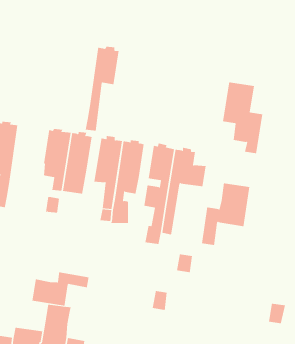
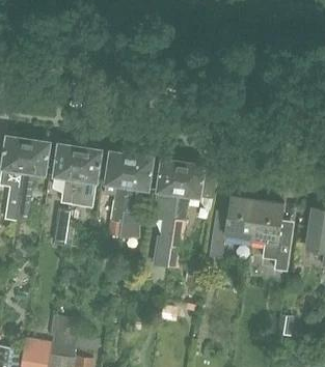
building: [85,46,119,131] -> [16,138,50,222]
building: [222,82,263,154] -> [252,200,293,272]
building: [32,271,89,306] -> none

